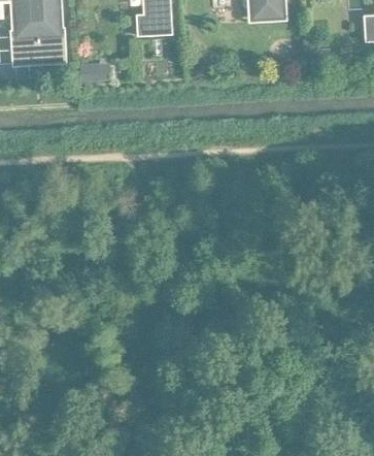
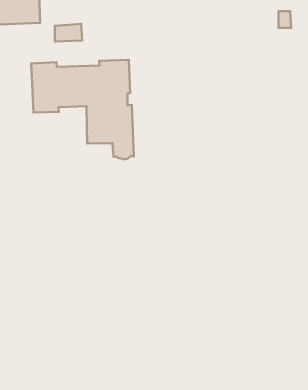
building: none -> [31,60,134,159]

